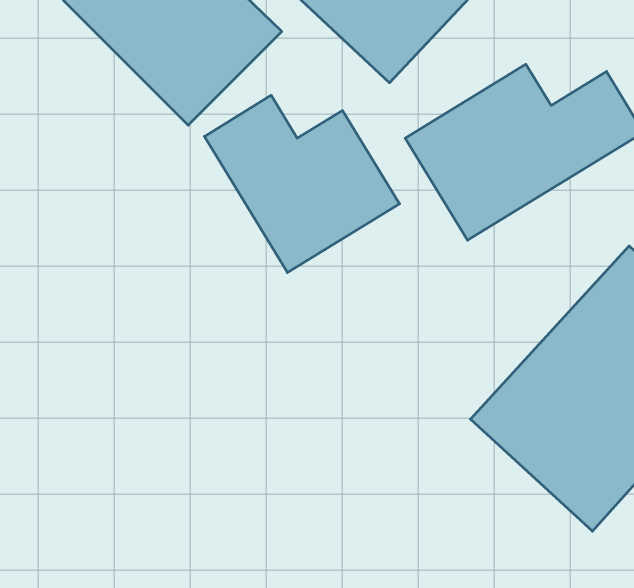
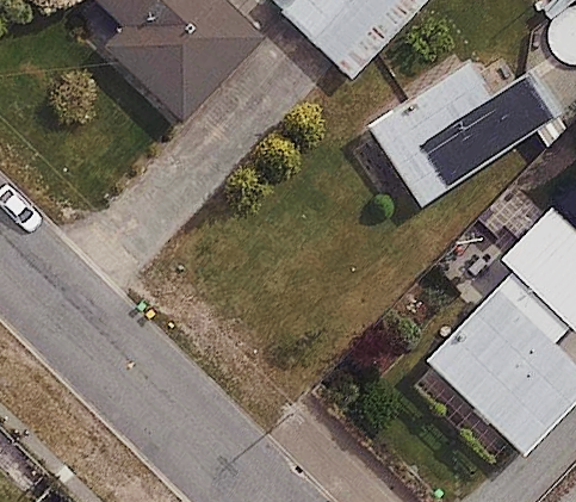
building: [204,95,400,273] -> none

